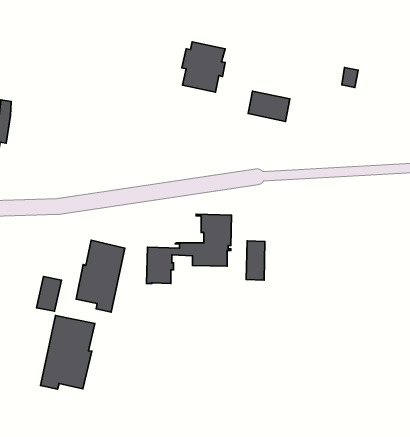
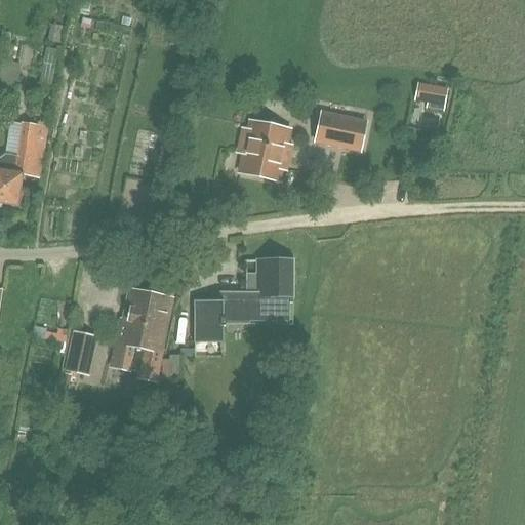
building: [182,42,225,92] -> [238,120,289,179]
building: [246,241,265,280] -> none
building: [40,316,95,389] -> none

